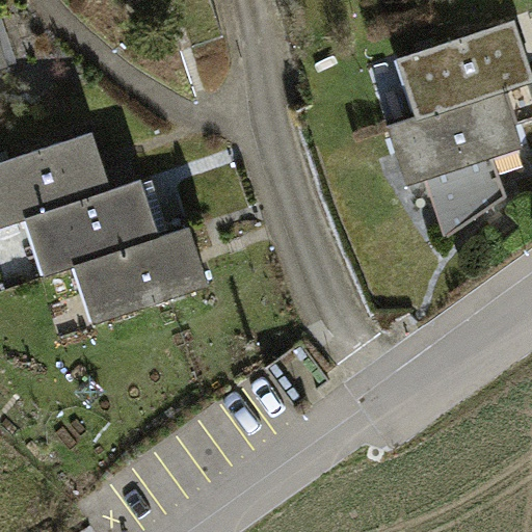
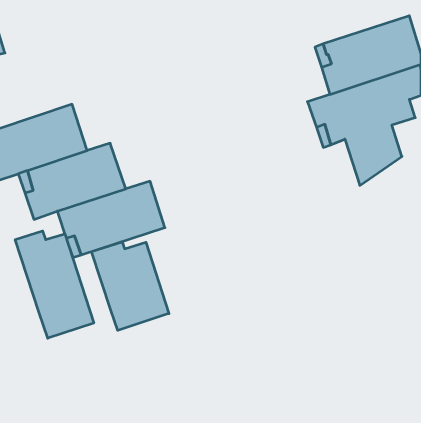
building: none -> [15,231,94,338]
building: none -> [92,242,169,330]

